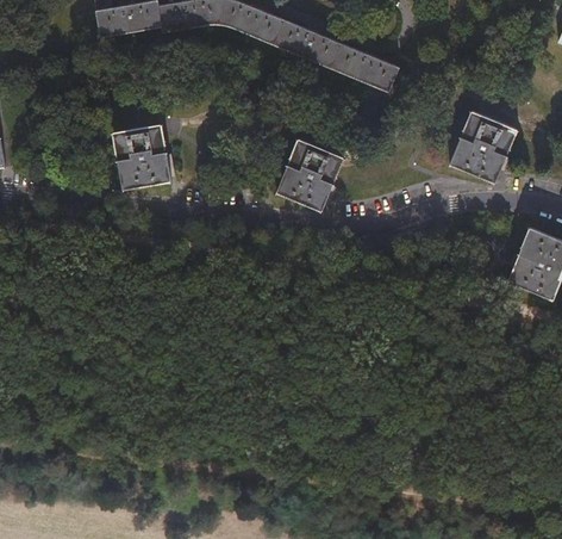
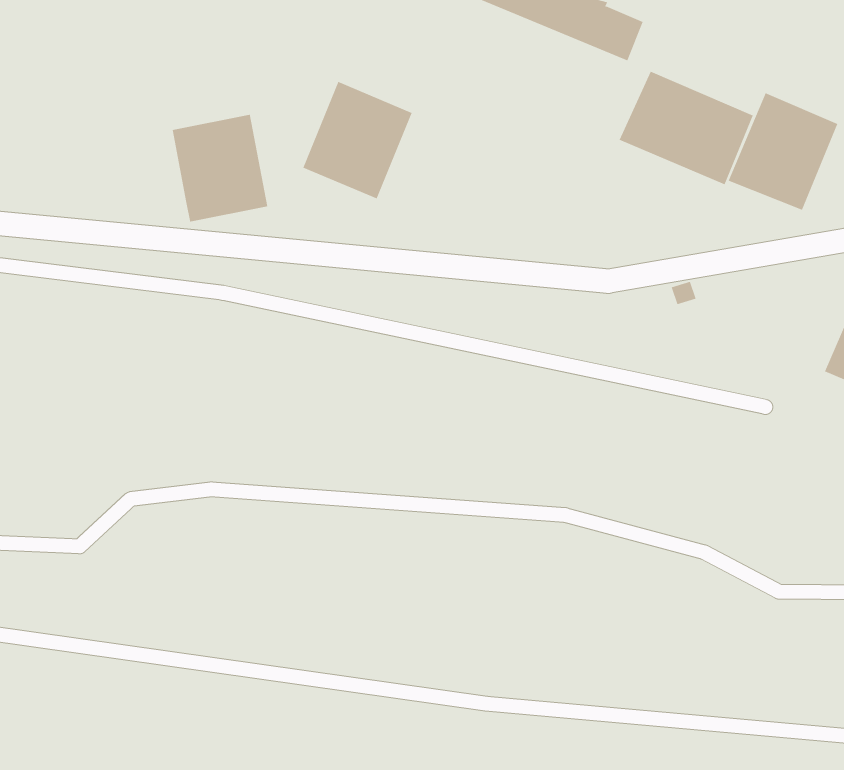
building: none -> [619,71,753,185]
building: [276,138,343,210] -> [302,81,413,199]

